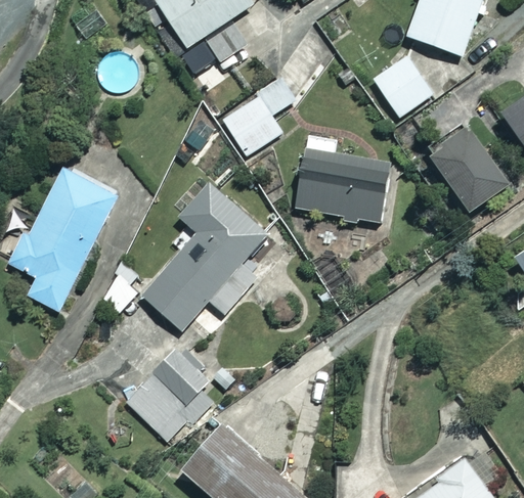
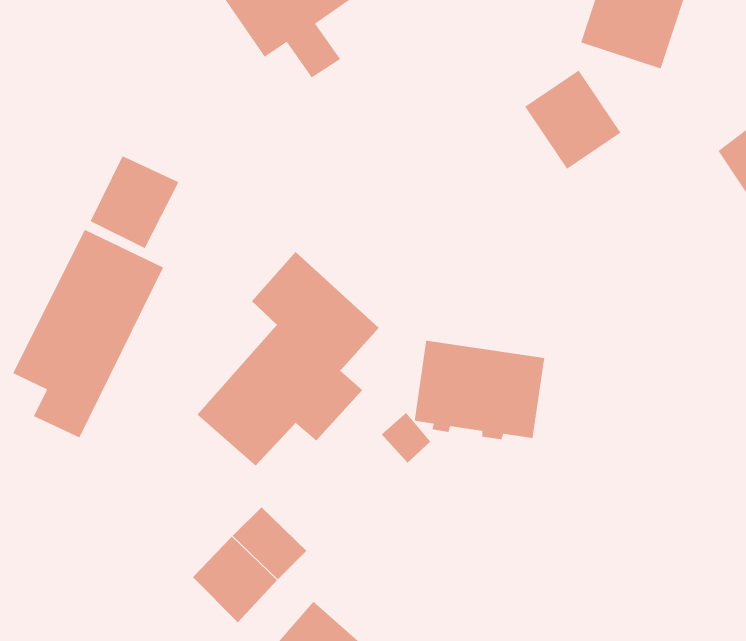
building: [223,97,281,155] -> none
building: none -> [89,155,179,249]
building: [430,128,508,212] -> none
building: [296,150,387,220] -> [414,340,545,440]

